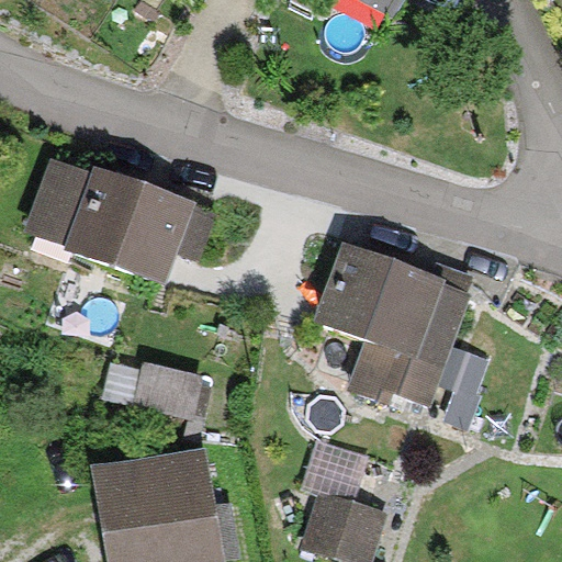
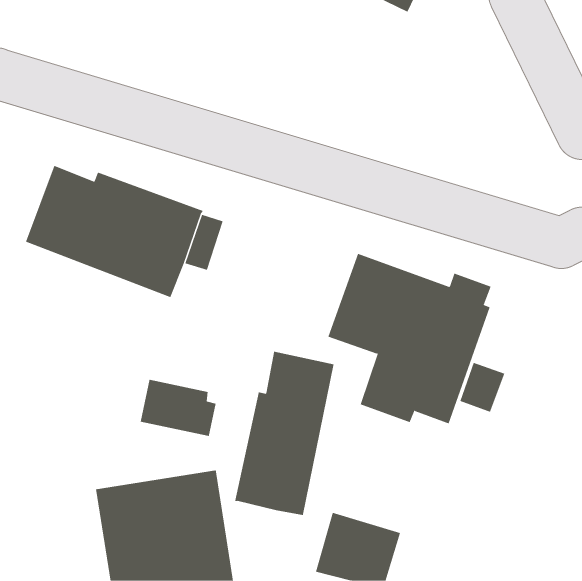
building: none -> [234,351,334,516]

